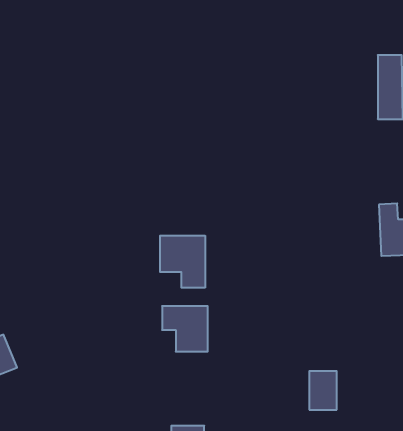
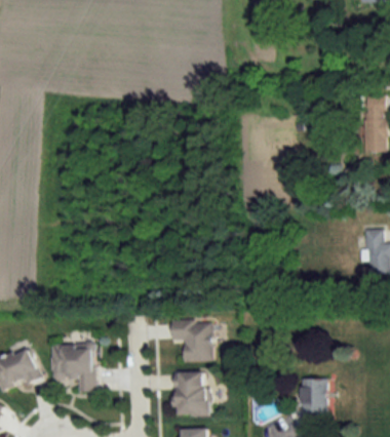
building: [160,236,205,288] -> none
building: none -> [50,345,94,392]
building: none -> [174,372,207,416]

